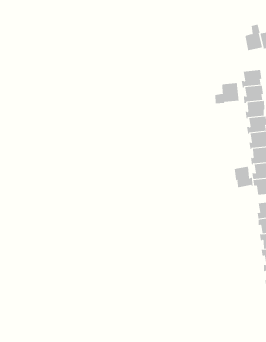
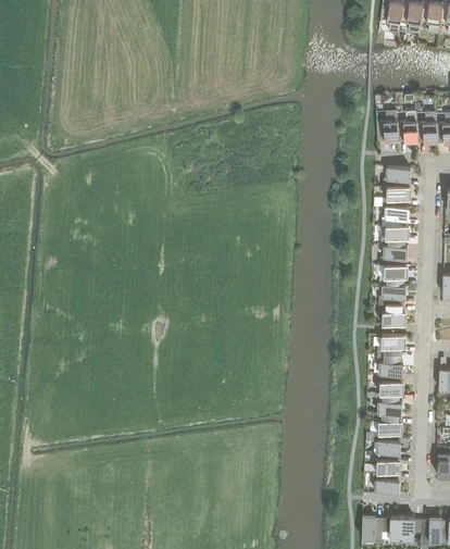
building: none -> [377,110,398,141]
building: [215,82,239,104] -> none
building: [234,166,253,188] -> none

